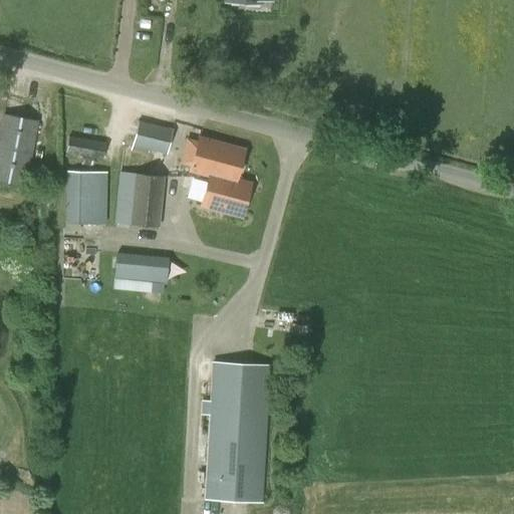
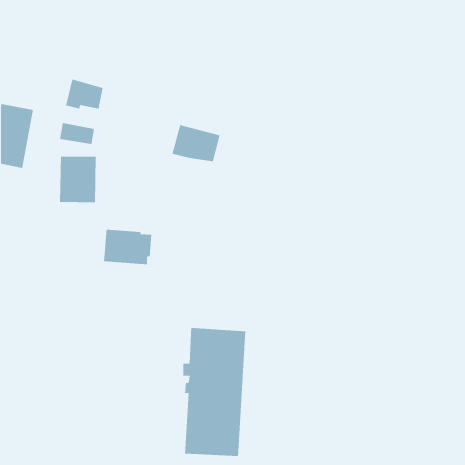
building: [131,119,173,154] -> [65,79,104,110]
building: [114,172,165,227] -> none
building: [201,175,251,216] -> none

